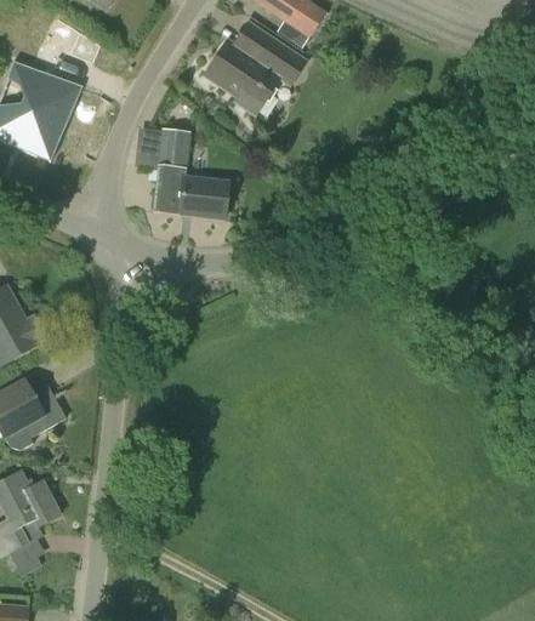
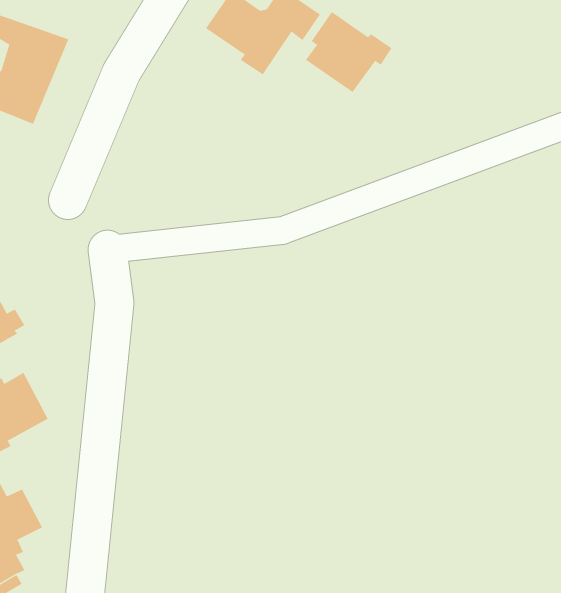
building: none -> [305,11,392,93]
building: [142,127,227,221] -> none

